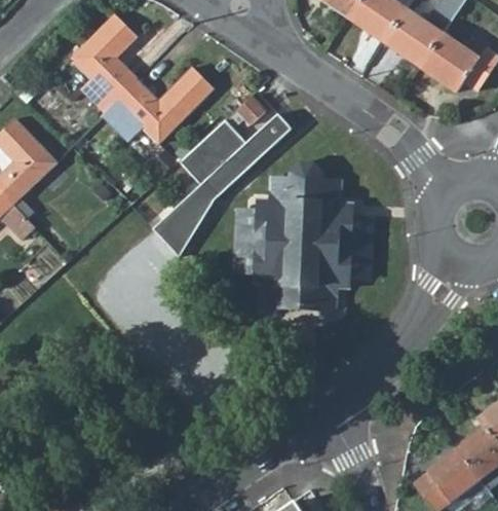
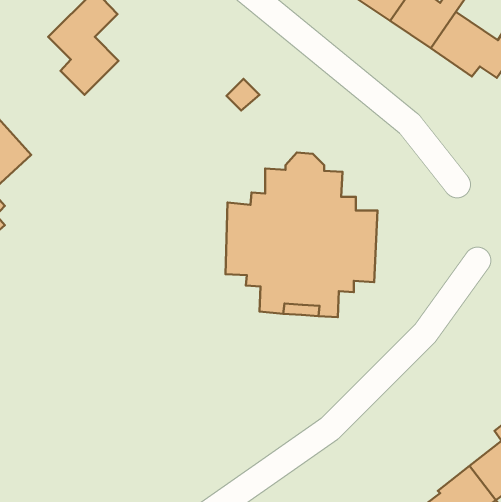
building: [107,66,214,141] -> none
building: [152,113,292,257] -> none

